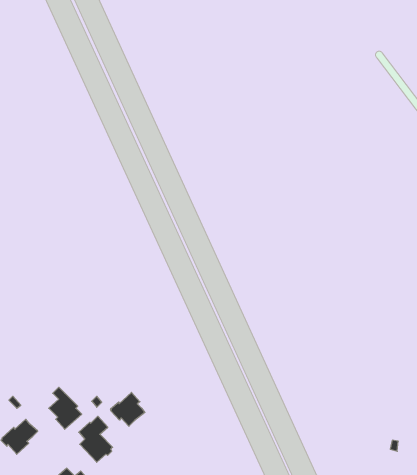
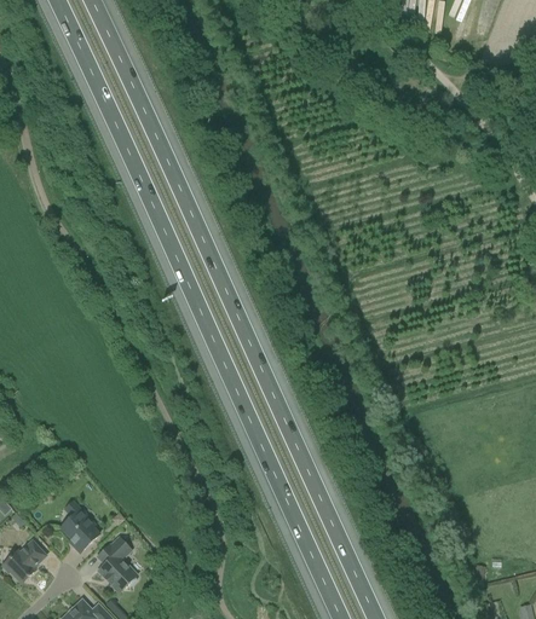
building: [111,392,145,426] -> none

